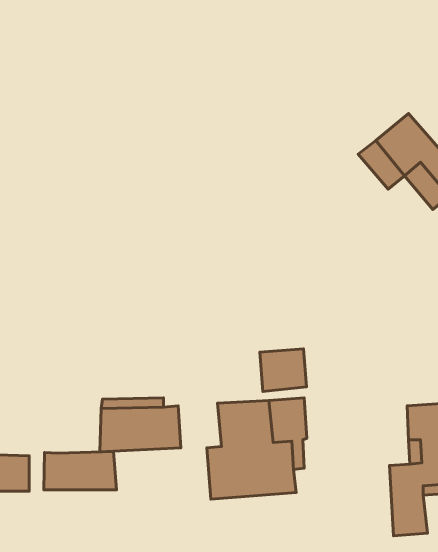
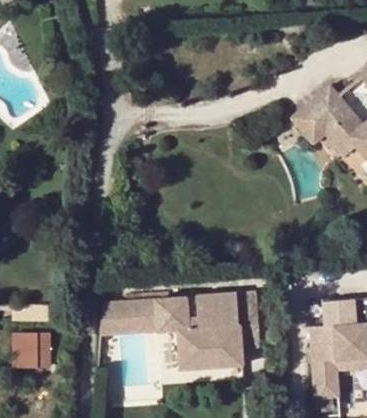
building: [260,349,307,392] -> none
building: none -> [156,299,188,332]
building: [44,451,116,490] -> none

